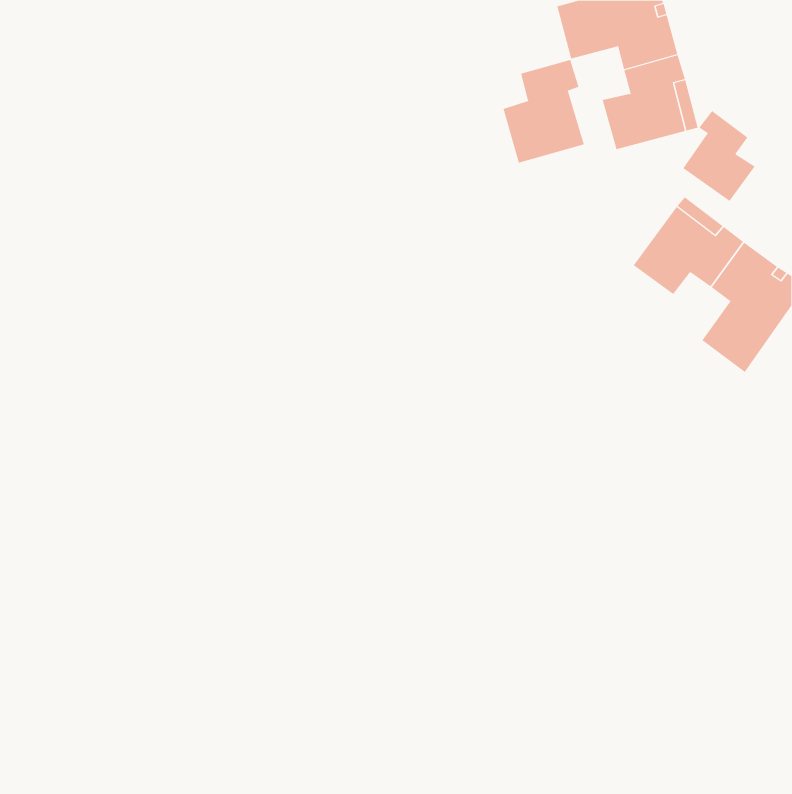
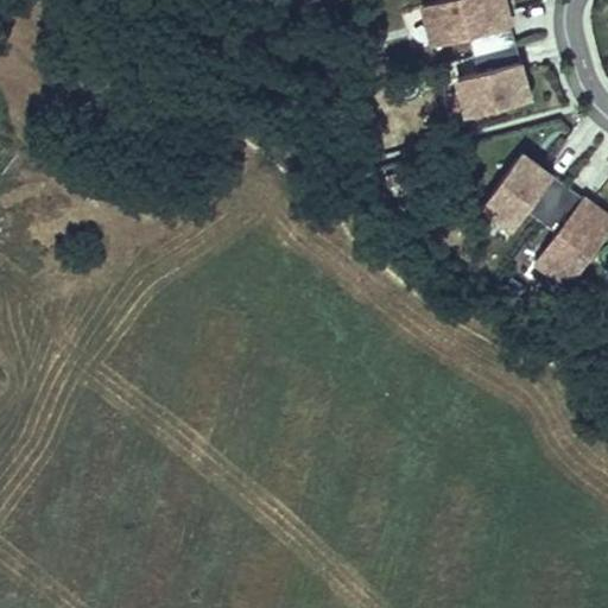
building: [503,59,584,164] -> none
building: [683,110,755,202] -> none

